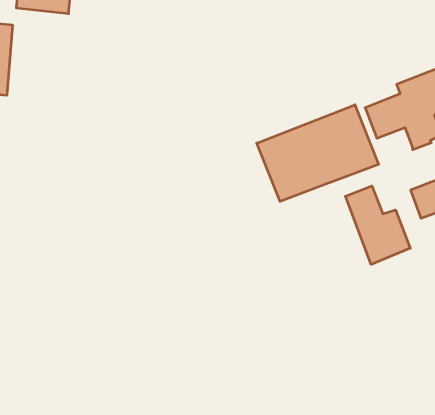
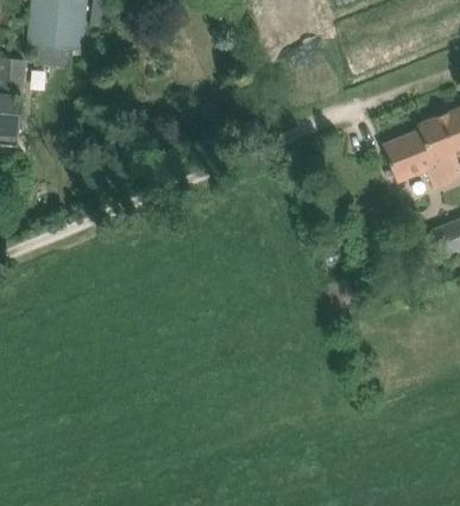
building: [257,105,379,201] -> none
building: [345,186,410,264] -> none

